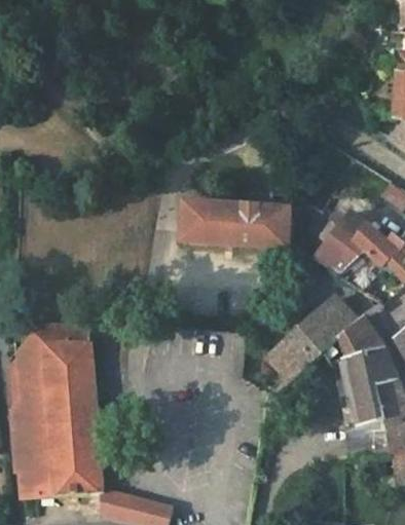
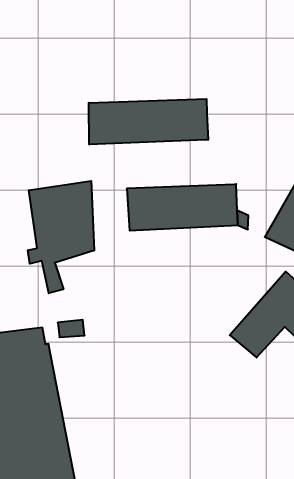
building: none -> [89,99,208,145]
building: none -> [28,181,94,293]

